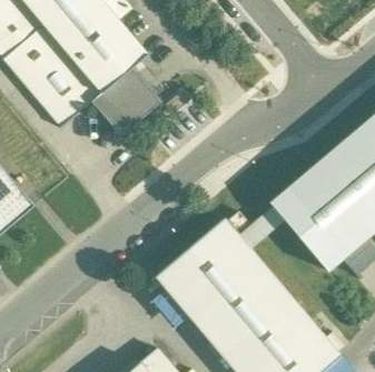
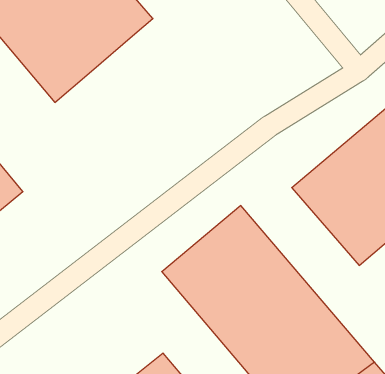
building: [91,69,160,136] -> none

